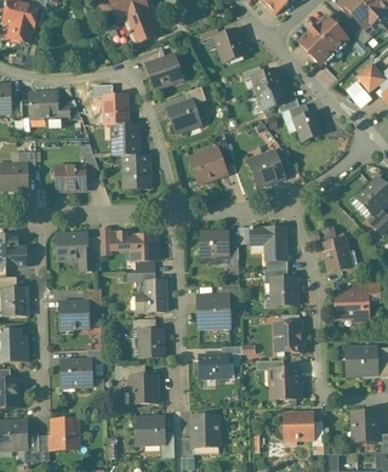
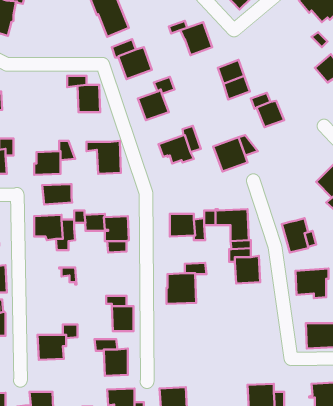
building: [298,16,348,66] -> none
building: [29,92,69,123] -> none
building: [112,124,138,155] -> none
building: none -> [42,184,72,205]
building: [136,280,166,312] -> none
building: [59,301,89,329] -> none
building: [275,322,306,351] -> none
building: [199,354,228,379] -> none
building: [269,368,299,400] -> none

